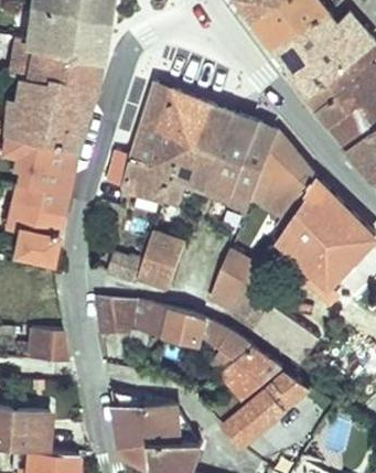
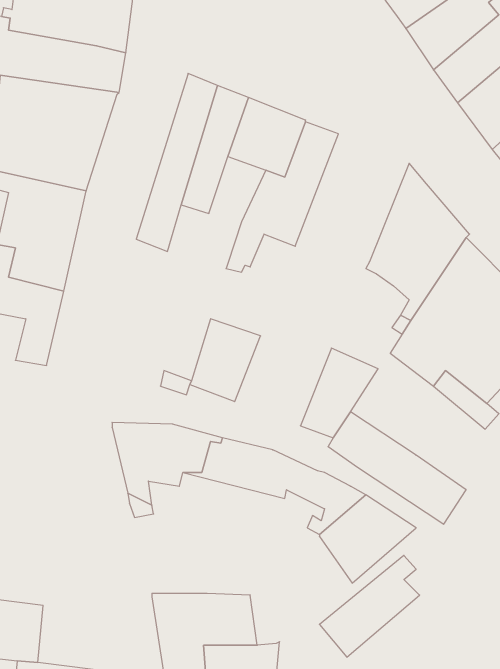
building: [206,115,280,201] -> none
building: [126,129,189,197] -> none
building: [28,329,68,363] -> none

